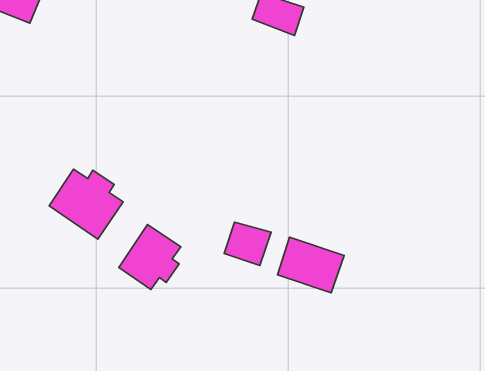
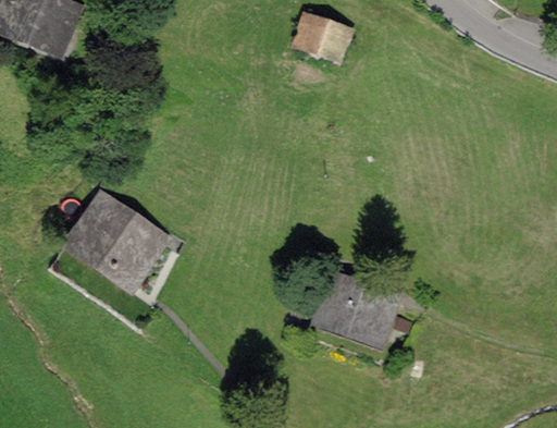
building: [224,222,271,265] -> none
building: [119,224,181,290] -> none

